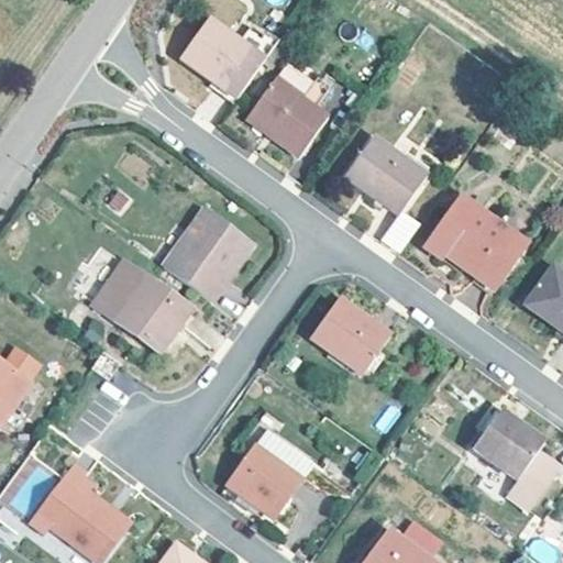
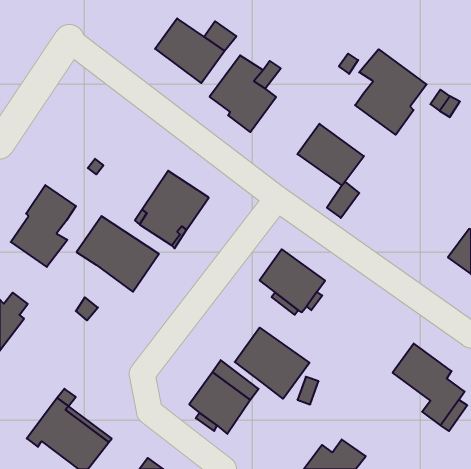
building: none -> [355,49,427,135]
building: [434,205,529,292] -> none
building: none -> [11,185,76,267]
building: none -> [235,328,309,399]

